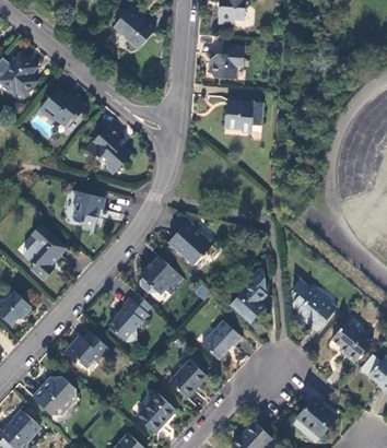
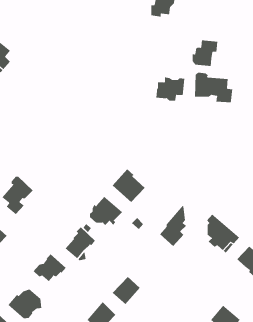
building: [114,11,155,50] -> none
building: [211,45,245,80] -> [192,40,218,67]
building: [40,90,85,126] -> none
building: none -> [195,72,233,103]
building: [86,127,132,173] -> none
building: [73,191,105,233] -> none
building: [200,320,241,359] -> none

